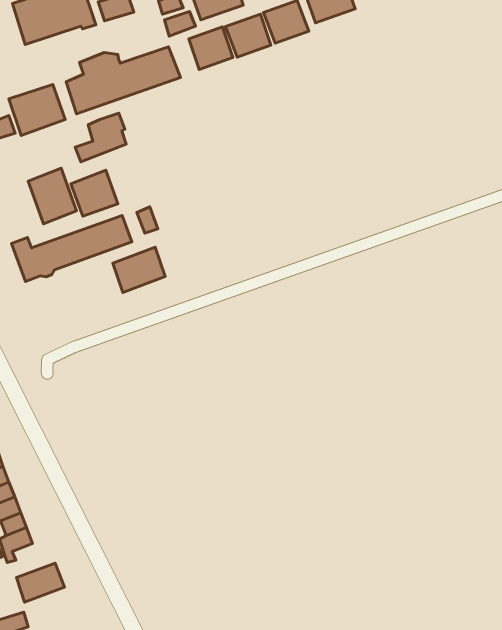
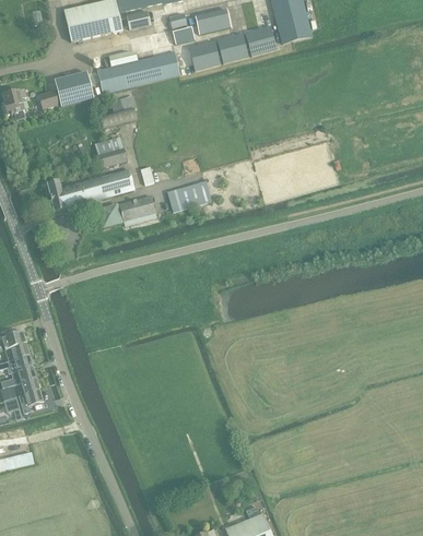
building: [28,168,77,224] -> none
building: none -> [166,179,211,210]
building: [17,563,64,602] -> none

